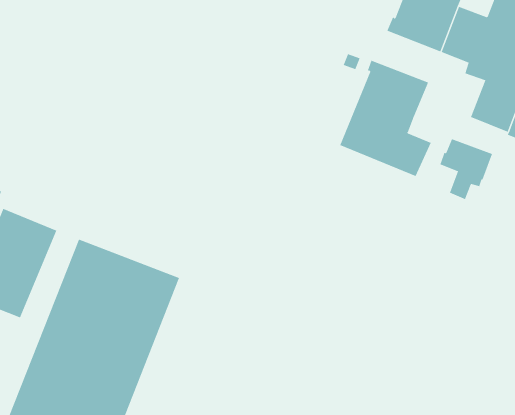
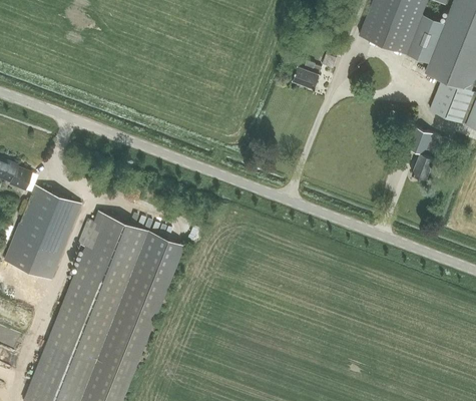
building: [339,60,431,177] -> none
building: none -> [294,65,322,89]

